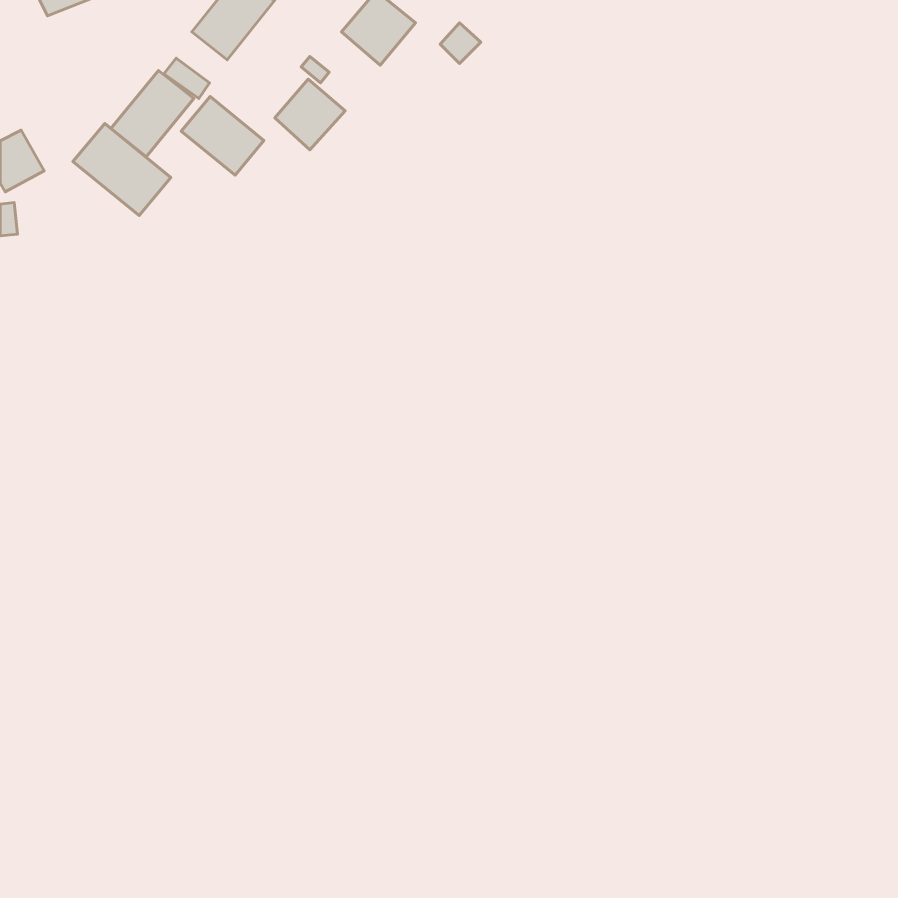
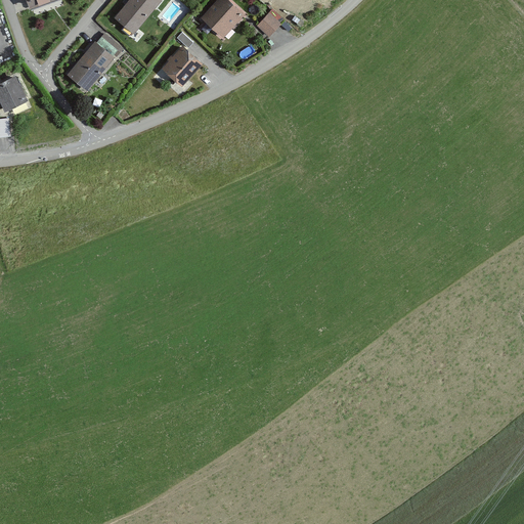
building: [181,96,264,175] -> none
building: [73,123,171,216] -> none

